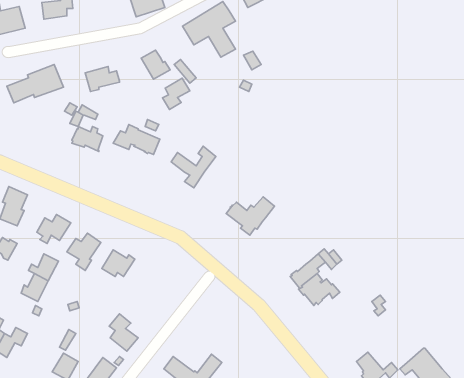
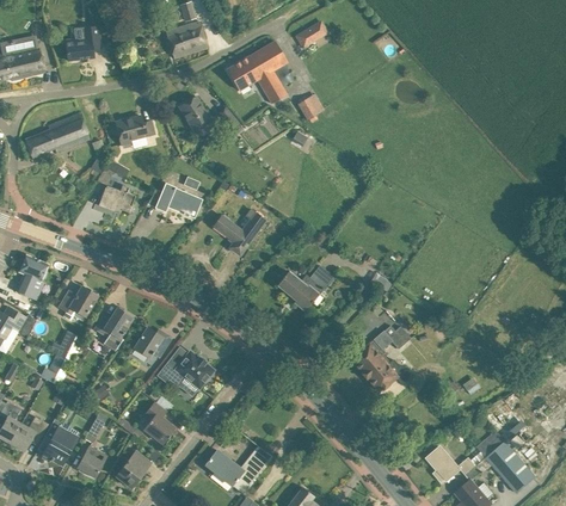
building: [162,78,190,110] -> none
building: none -> [156,351,213,388]
building: none -> [42,418,76,465]

